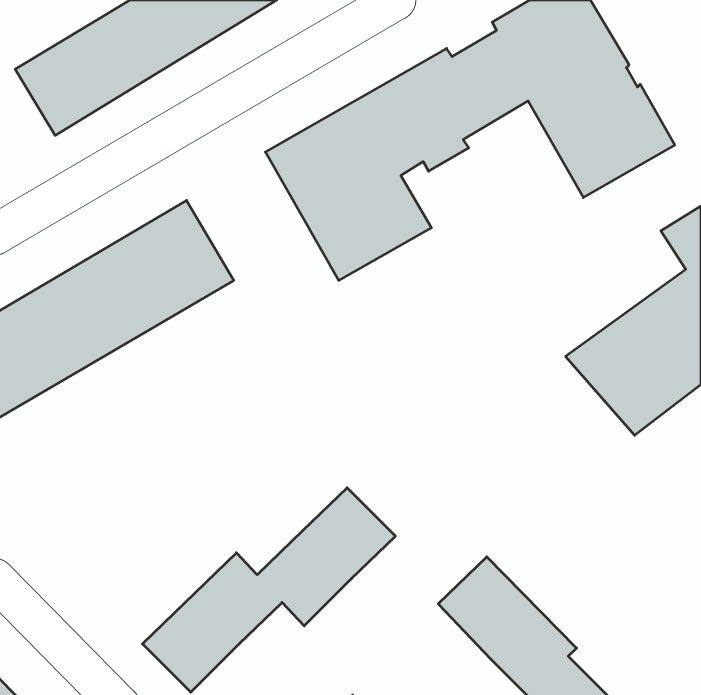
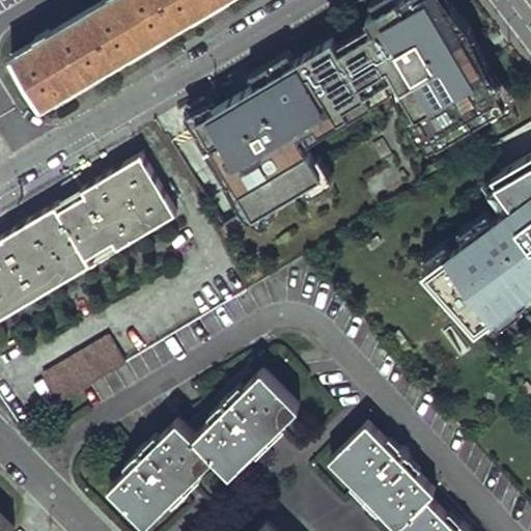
building: none -> [41,340,123,408]

